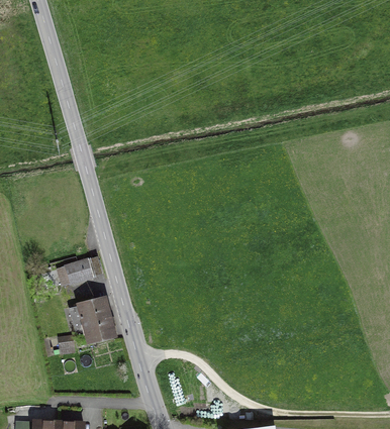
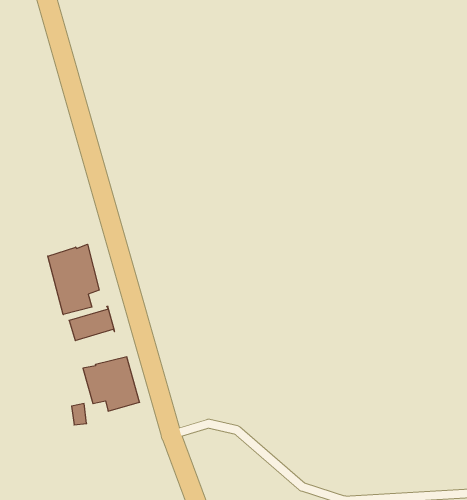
building: none -> [48,244,99,315]

